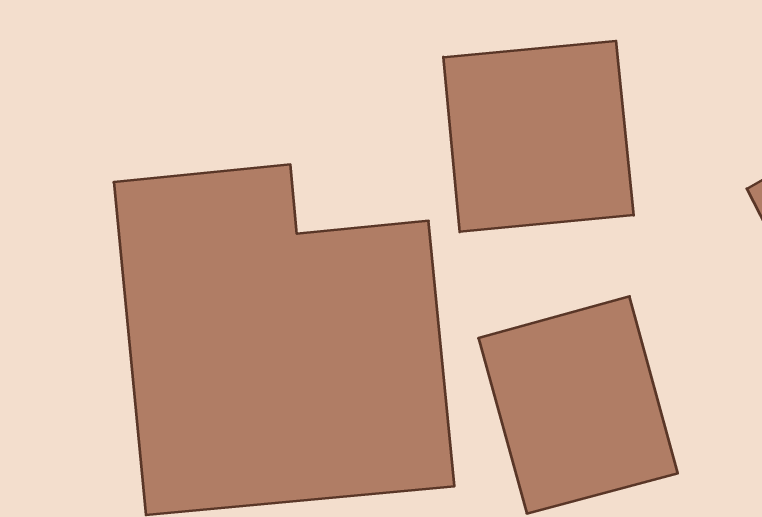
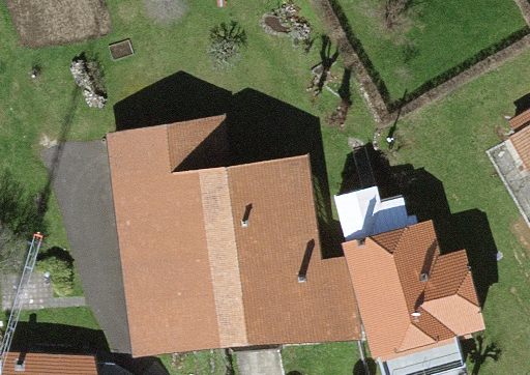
building: [443,41,634,232] -> none

